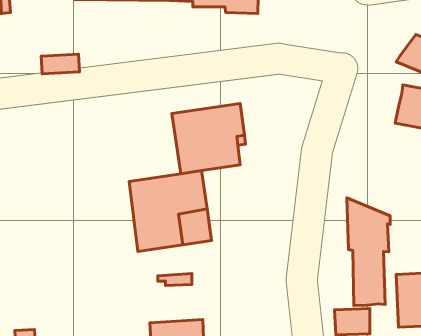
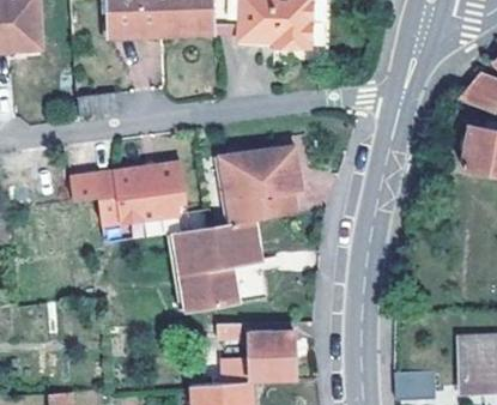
building: none -> [65,161,181,224]
building: [347,198,390,306] -> none
building: none -> [249,321,314,382]

